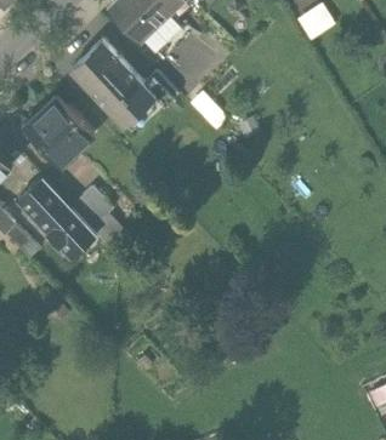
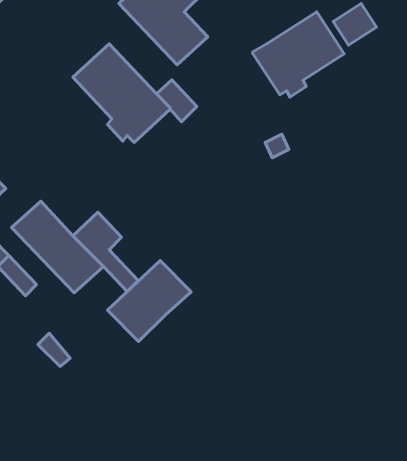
building: none -> [252,12,344,97]
building: [23,98,93,168] -> none
building: none -> [108,260,191,342]

